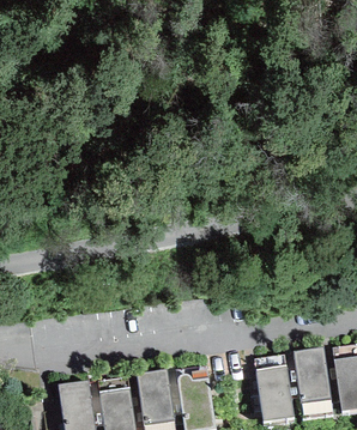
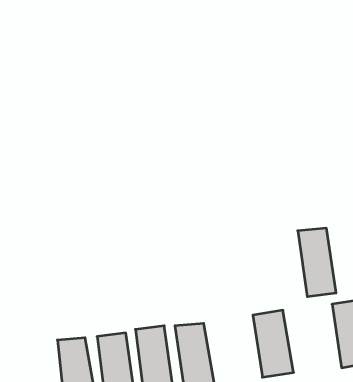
building: [295,351,333,419] -> [298,228,336,297]

